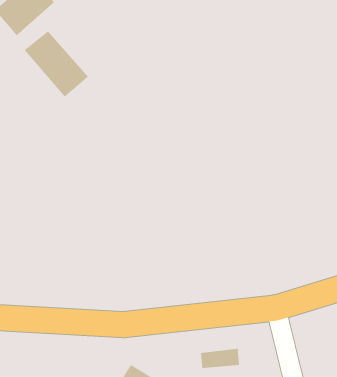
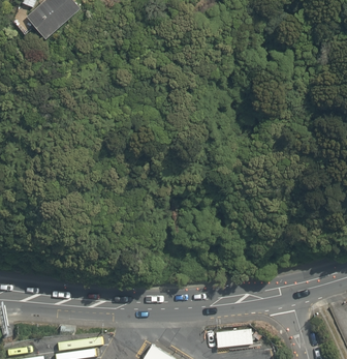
building: [24,30,89,98] -> none

